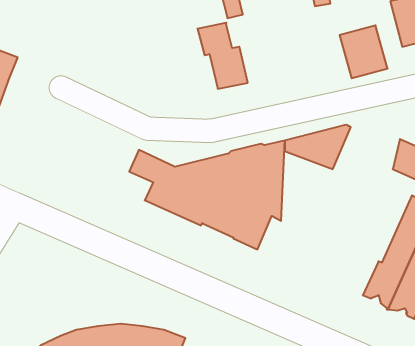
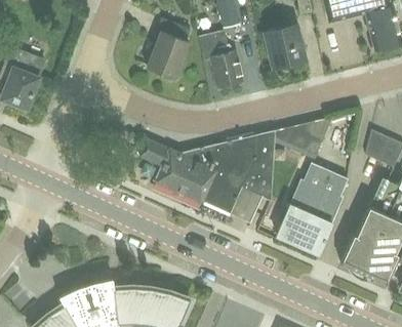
building: none -> [146,16,189,77]
building: [340,25,388,78] -> [264,24,305,69]
building: none -> [276,164,346,254]

